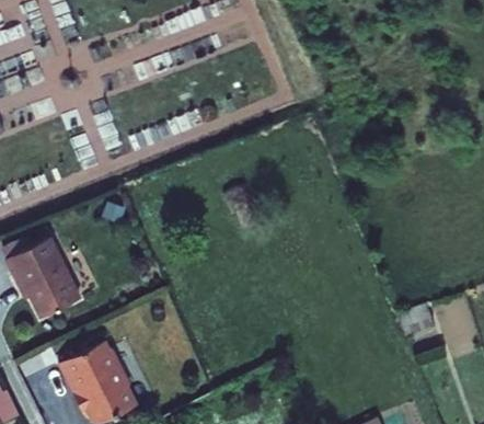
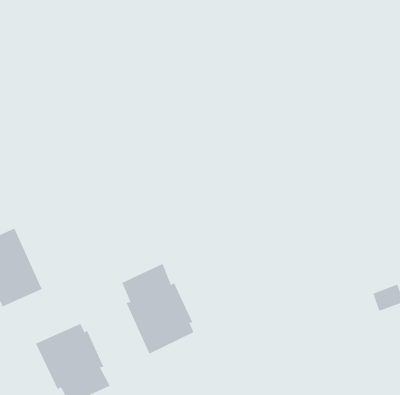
building: none -> [121,263,194,354]

